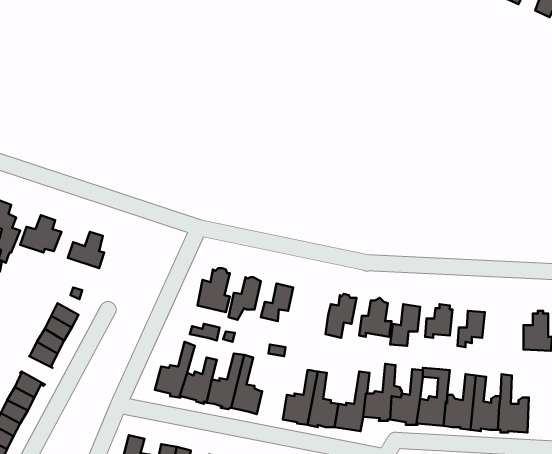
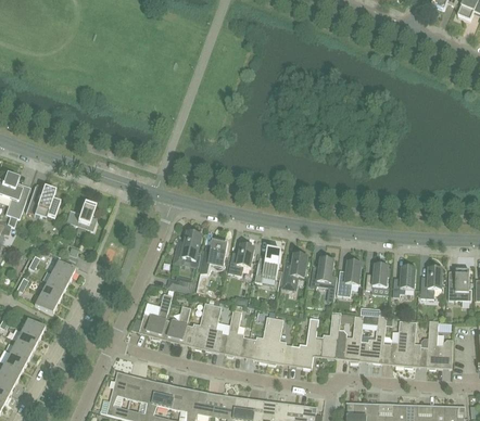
building: none -> [254,250,279,281]
building: none -> [419,265,442,297]
building: none -> [224,309,249,357]

